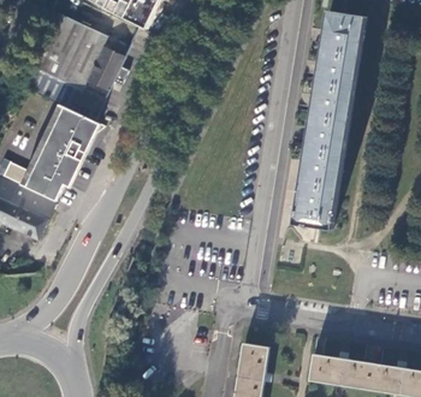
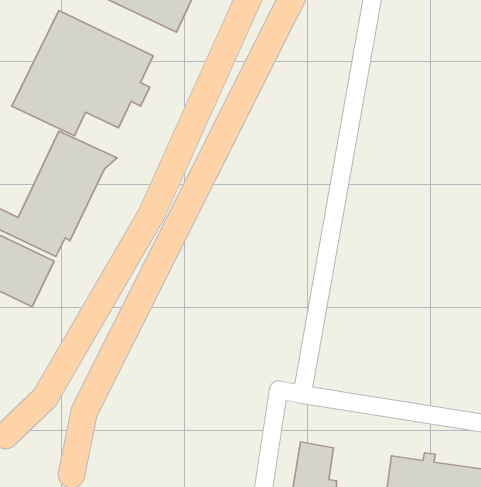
building: [293,10,367,227] -> none

